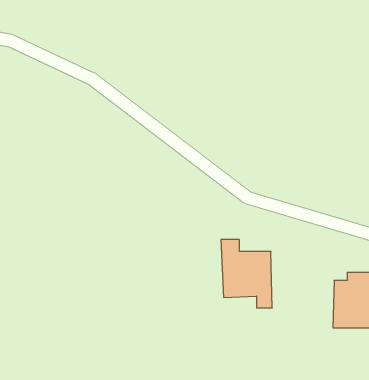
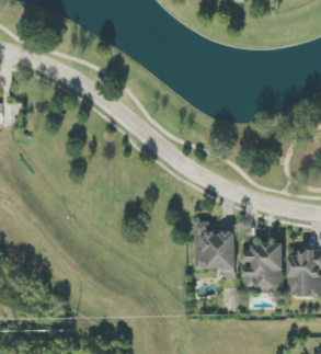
building: none -> [241,243,283,294]

